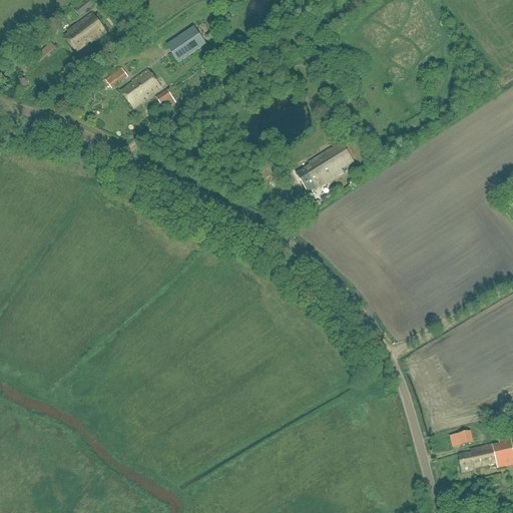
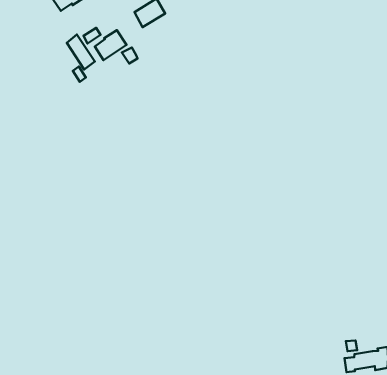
building: none -> [67,34,95,69]
building: [297,141,355,190] -> none

